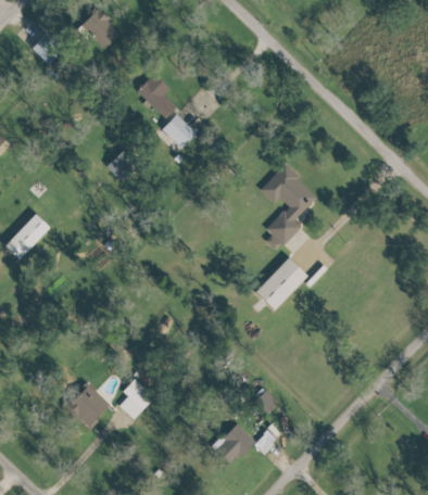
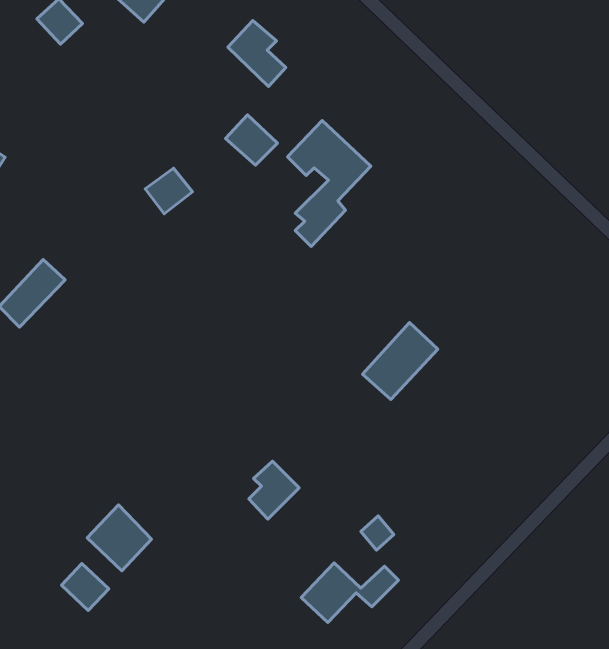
building: [136,73,176,118] -> [228,20,286,86]
building: [260,164,317,251] -> [287,121,371,246]
building: [118,379,153,419] -> [249,461,299,519]
building: none -> [62,563,109,611]

